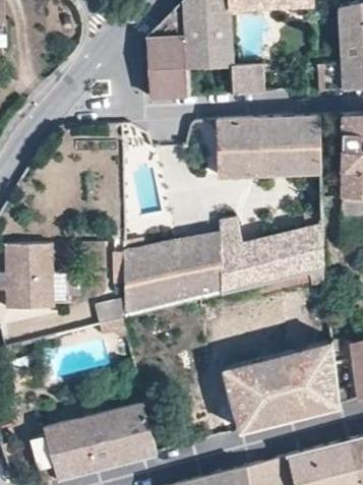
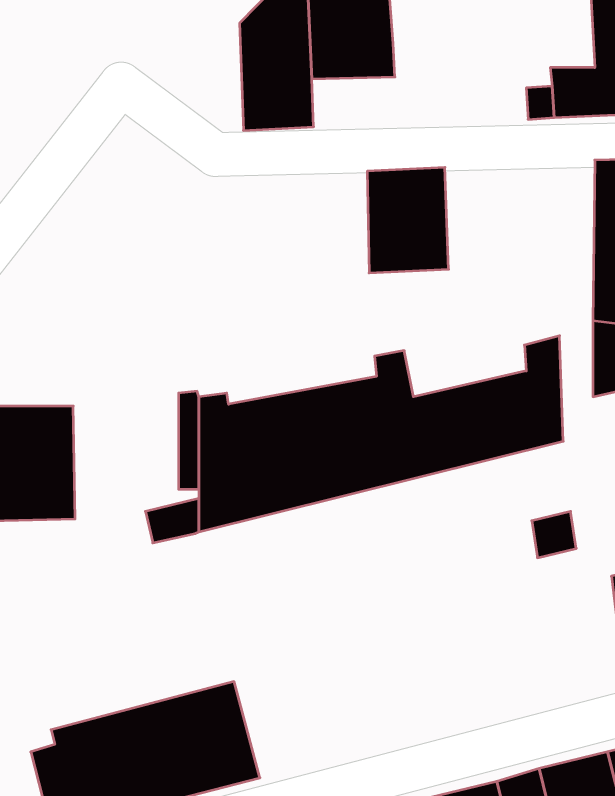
building: [231,50,263,95] -> none
building: [259,116,321,174] -> none
building: [225,341,340,432] -> none

